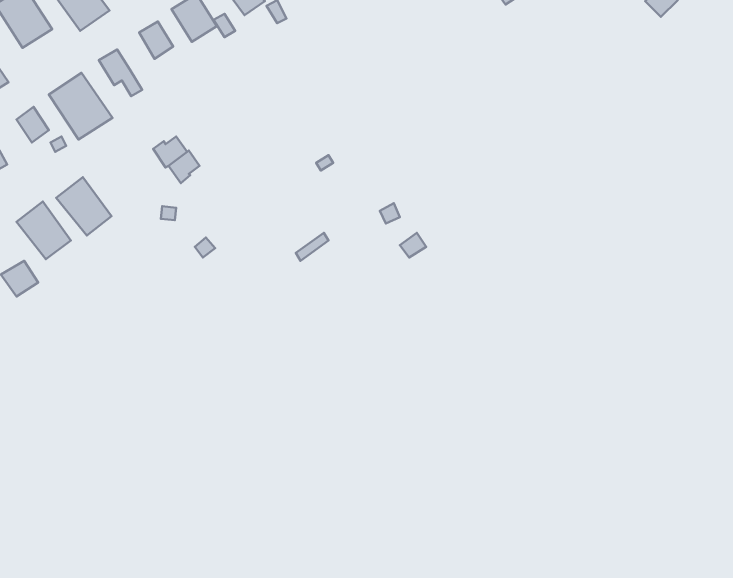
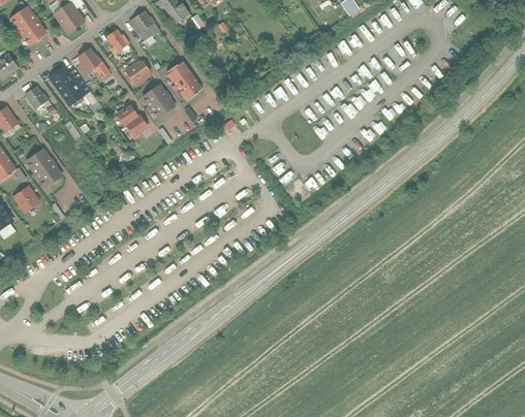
building: none -> [124,59,152,86]
building: none -> [166,60,203,100]
building: none -> [143,85,175,118]
building: [56,177,111,235] -> none

